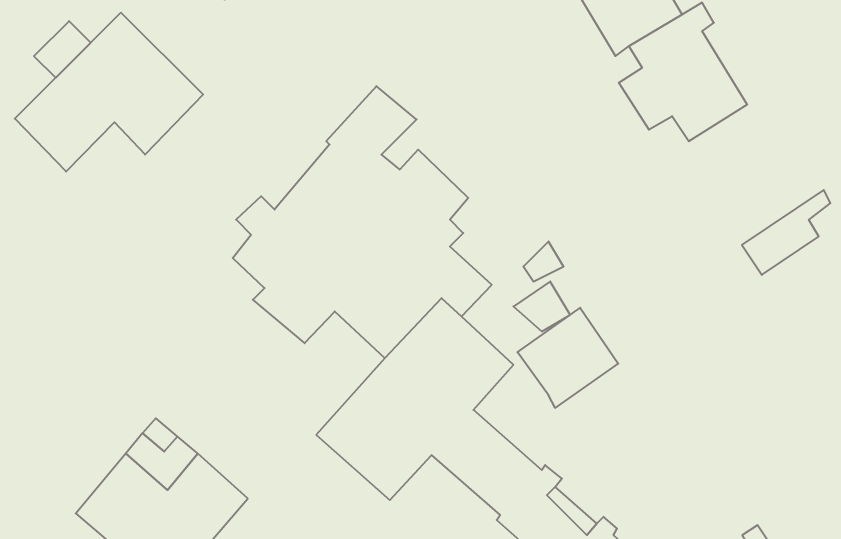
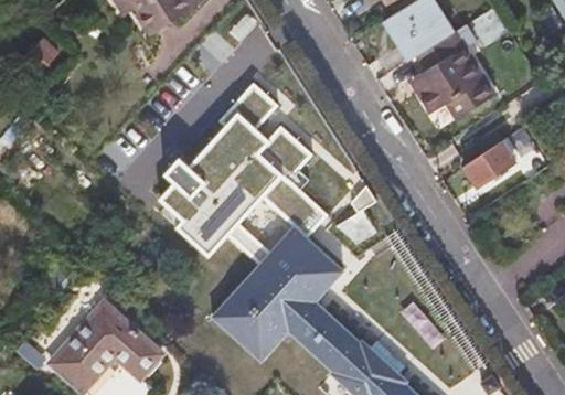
building: [15,13,203,172] -> none
building: [742,190,830,275] -> [462,132,521,189]
building: [517,308,618,408] -> none

